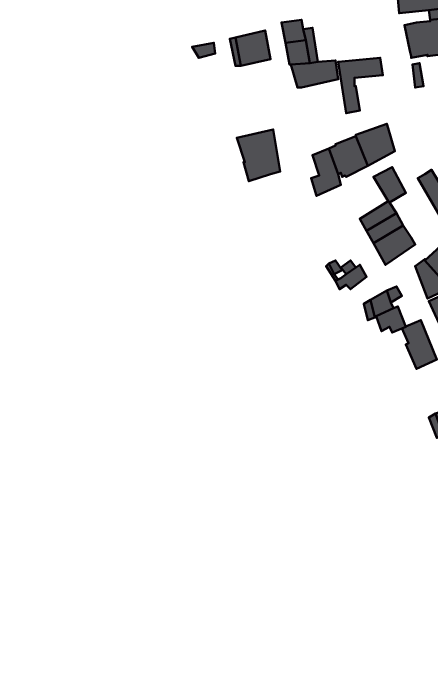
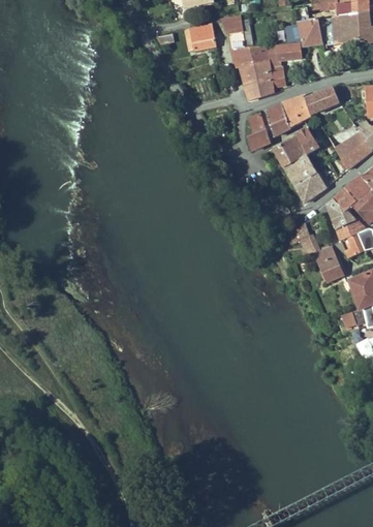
building: none -> [297,7,322,45]
building: none -> [306,87,339,116]
building: [237,130,280,181] -> [240,61,273,100]
building: none -> [274,135,306,167]

